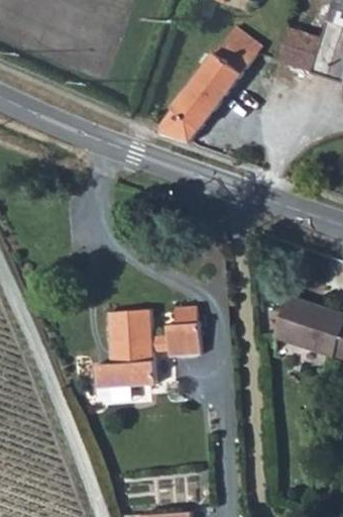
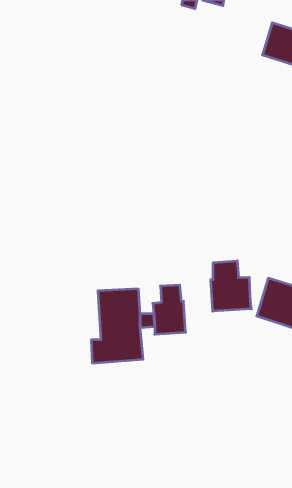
building: [162,43,258,145] -> none
building: none -> [211,261,251,311]

